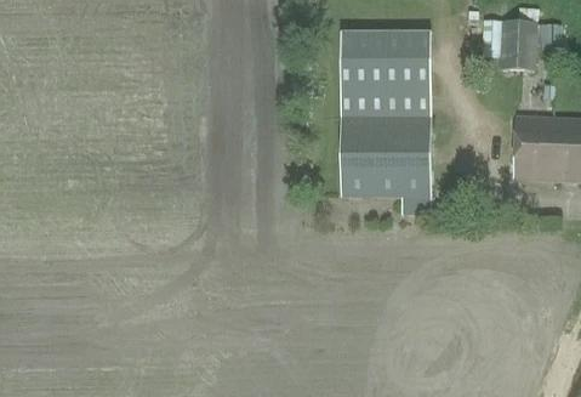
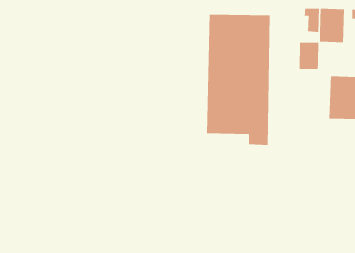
building: none -> [299,42,319,70]

